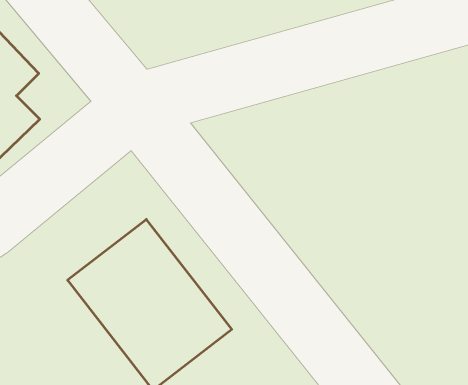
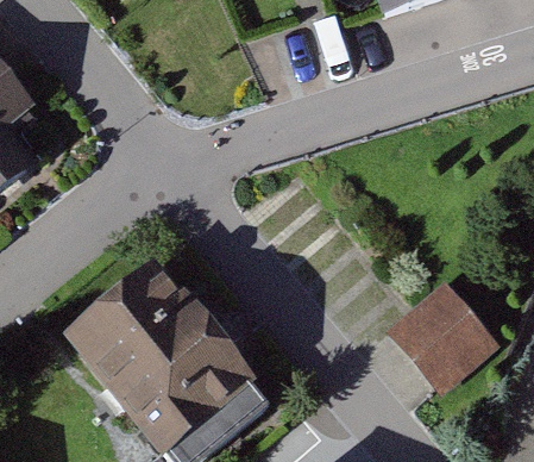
building: none -> [382,277,496,392]

